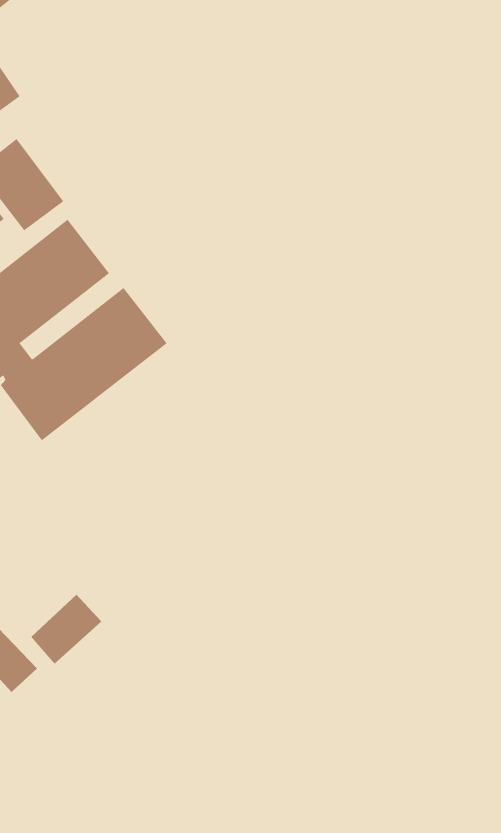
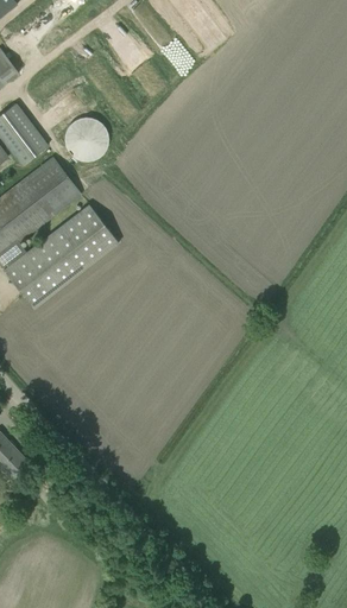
building: none -> [64,118,103,158]
building: [30,594,102,664] -> none

